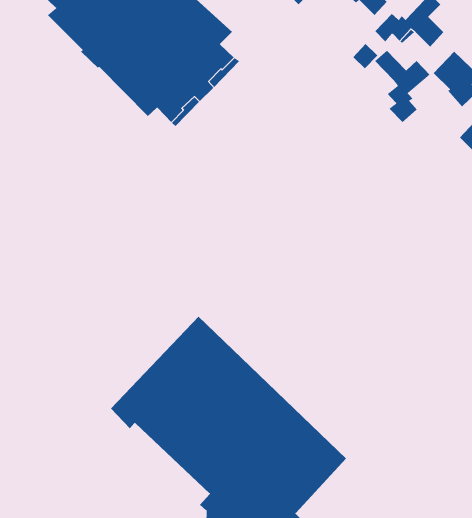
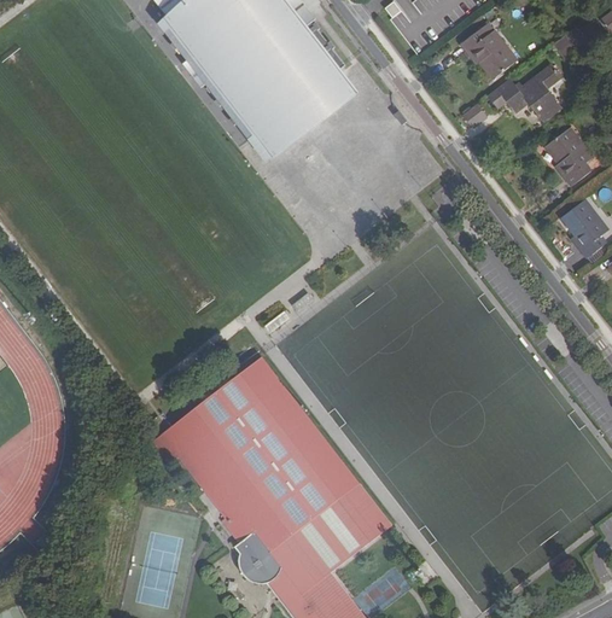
building: [374,50,430,123] -> none

